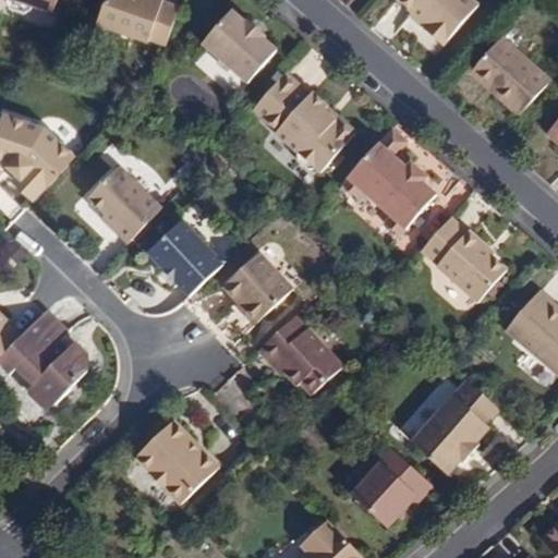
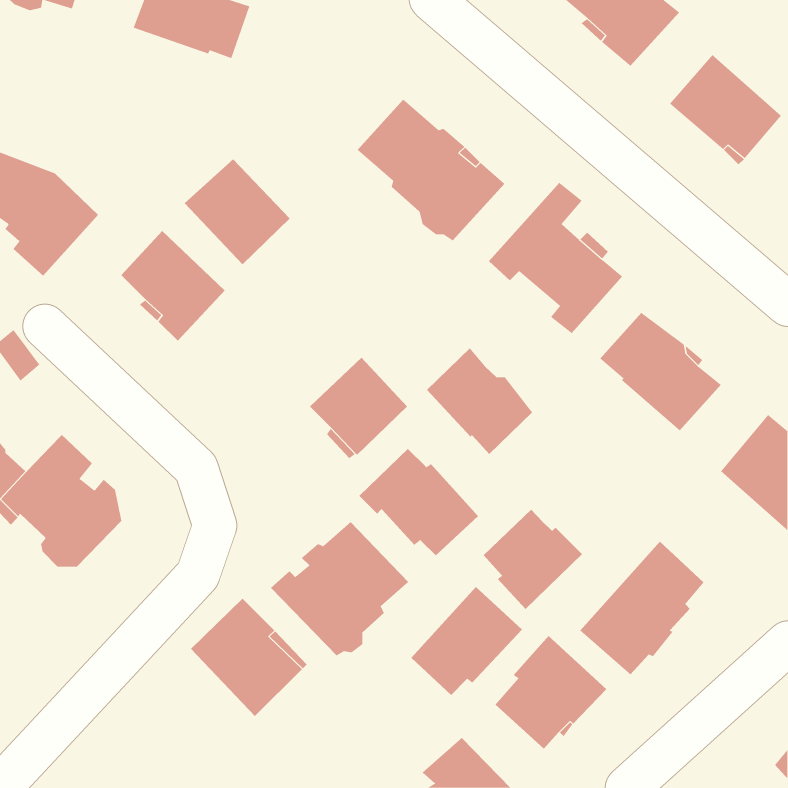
building: [203,7,276,78] -> none
building: [144,219,219,294] -> [184,158,290,265]
building: none -> [426,348,533,455]
building: none -> [483,509,583,610]
building: none -> [270,521,409,656]
building: none -> [411,586,523,696]

